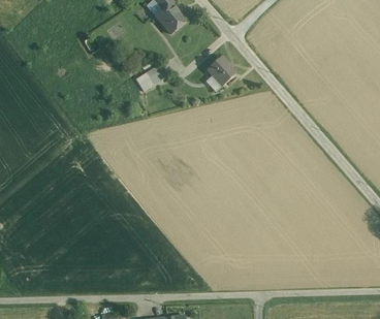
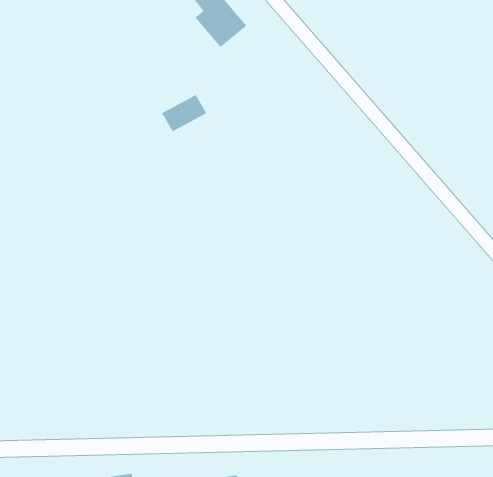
building: [208,57,239,88] -> none

